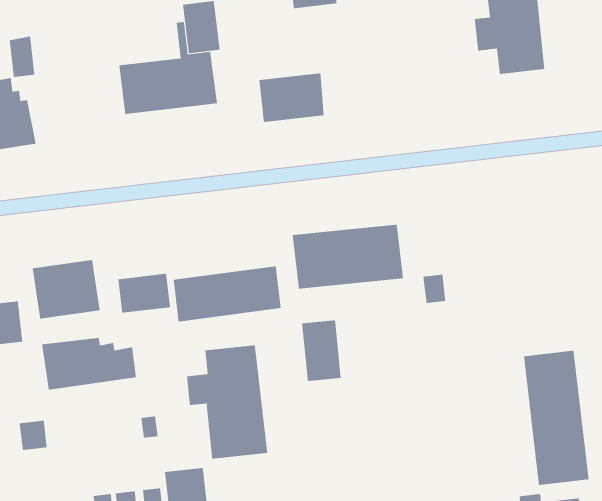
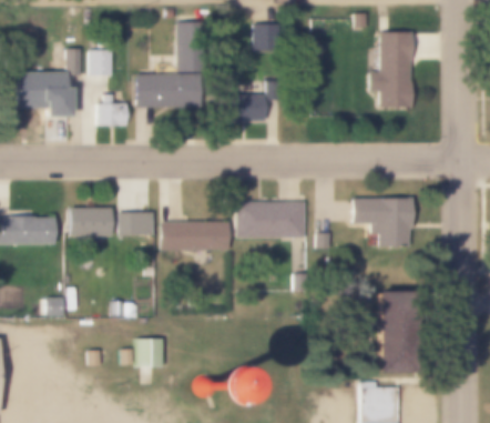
building: none -> [90,50,114,75]
building: none -> [99,88,127,128]
building: none -> [353,199,412,248]
building: [302,319,341,382] -> none
building: [41,337,136,391] -> none
building: [187,345,268,459] -> none

